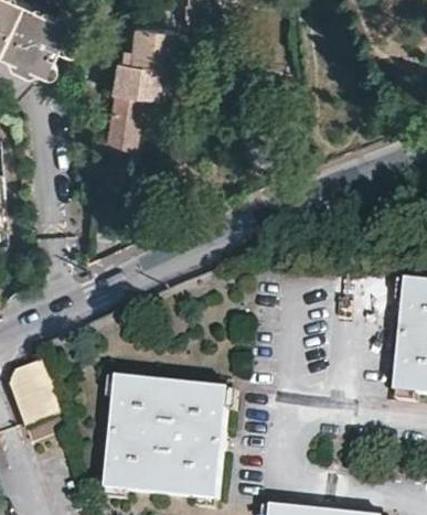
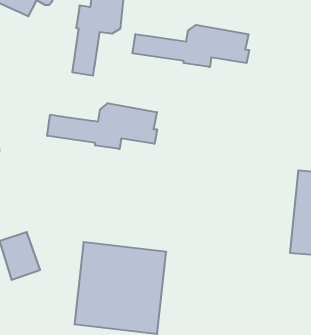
building: none -> [133,25,249,67]
building: none -> [47,103,157,149]

